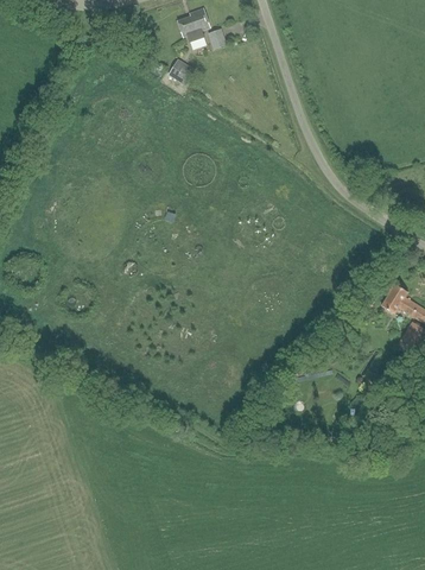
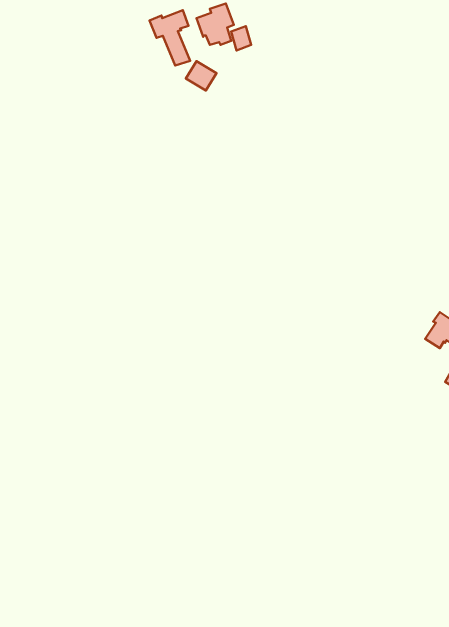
building: none -> [150,10,190,66]

